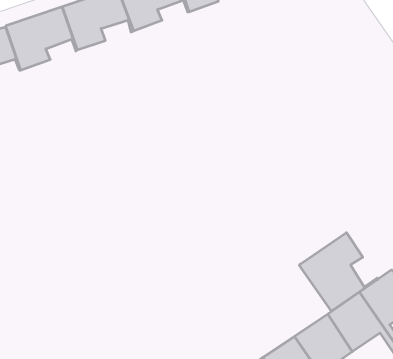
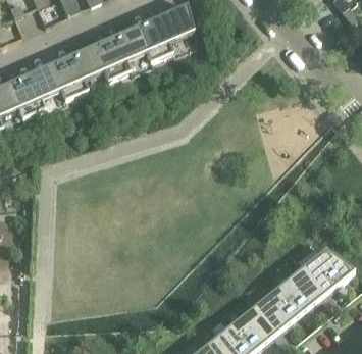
building: [299,233,378,311] -> none

